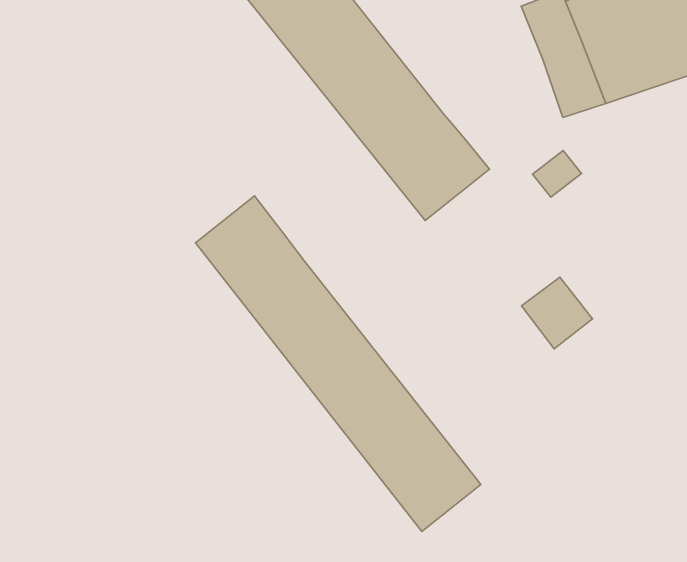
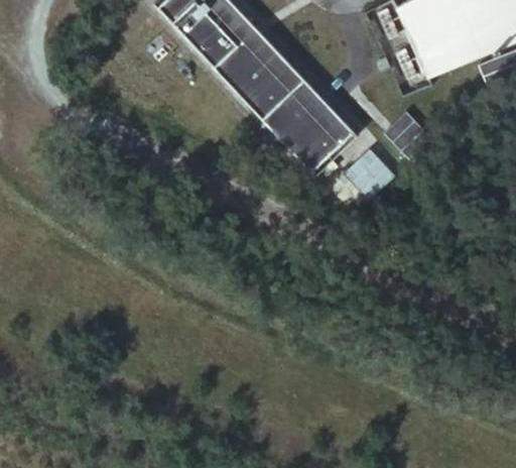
building: [195,196,481,531] -> none
building: [521,277,592,349] -> [344,149,394,200]

